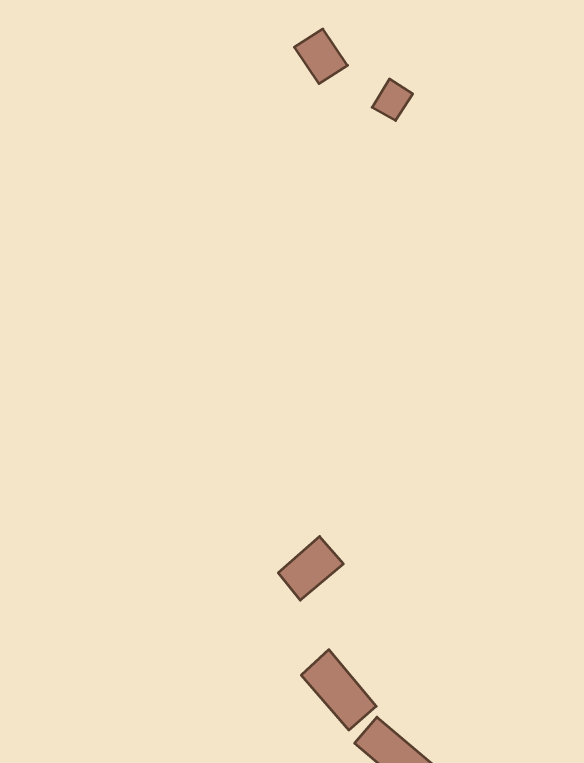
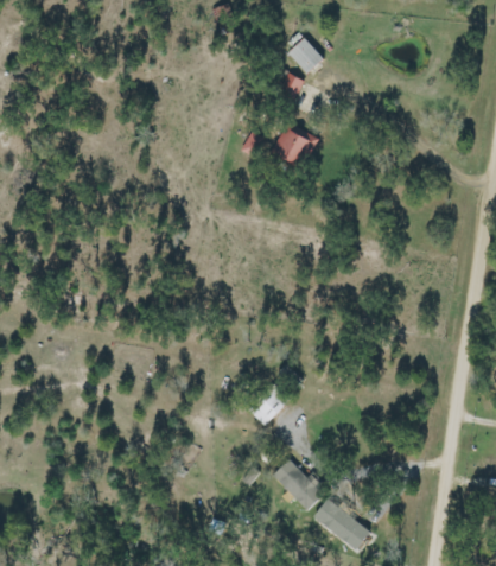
building: [294,29,348,84] -> [287,37,324,74]
building: none -> [271,122,319,166]

